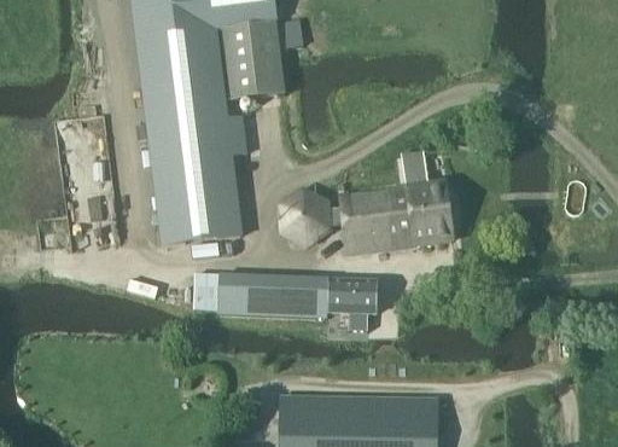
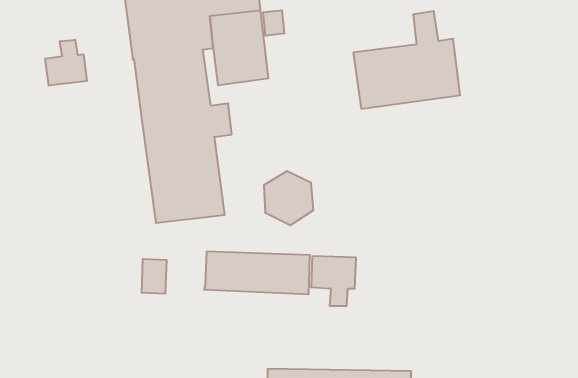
building: none -> [45,40,87,86]
building: [338,151,450,254] -> [353,11,460,109]
building: [192,273,218,309] -> [141,259,167,294]

